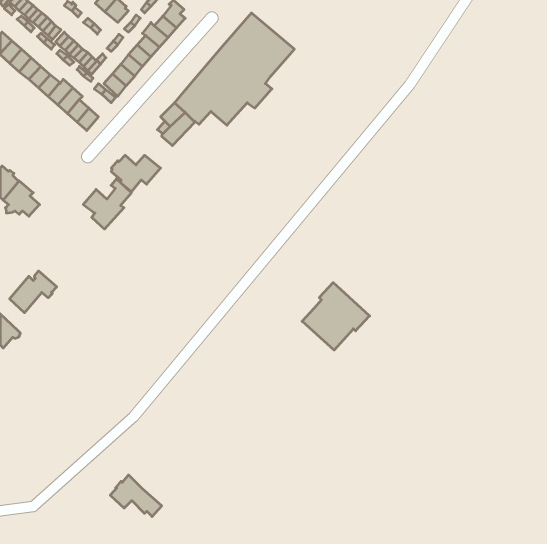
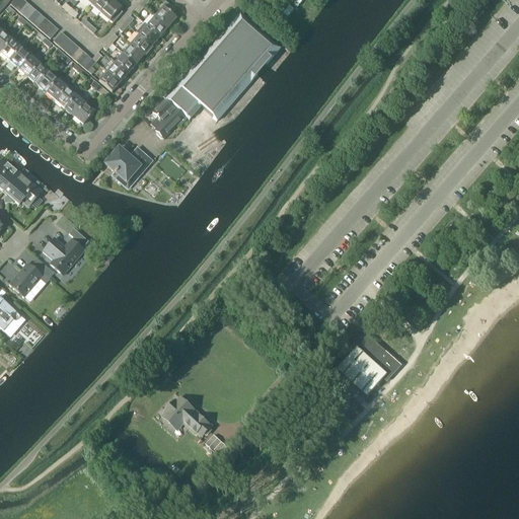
building: [83,179,131,229] -> [42,226,87,274]
building: [302,283,370,350] -> [337,331,400,395]
building: [110,475,162,517] -> [163,396,212,436]

